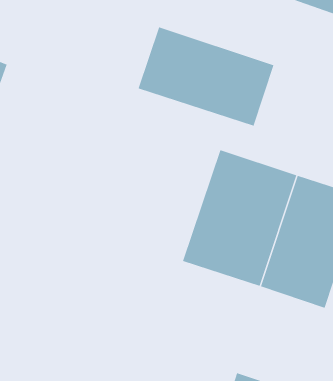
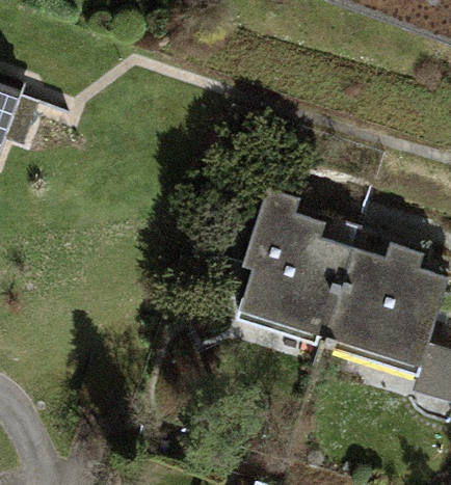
building: [138,27,274,127] -> none

